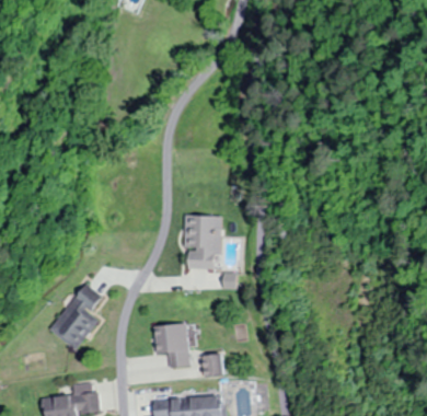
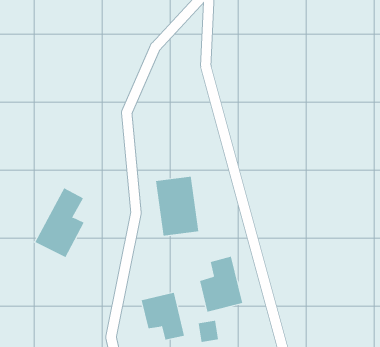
building: [49,282,103,349] -> [34,188,84,258]
building: none -> [200,256,243,312]

